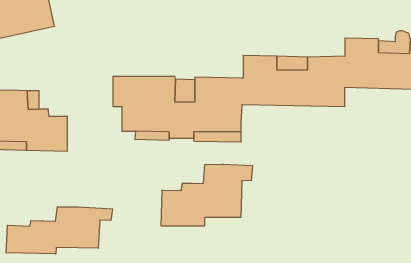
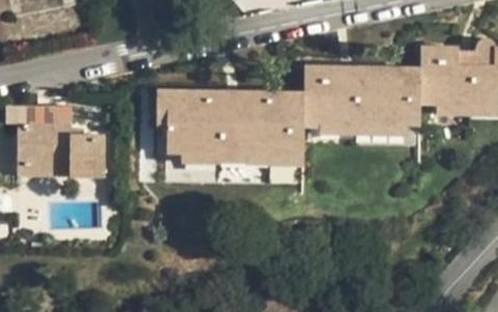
building: [161,164,253,226] -> none
building: [6,207,113,254] -> none

